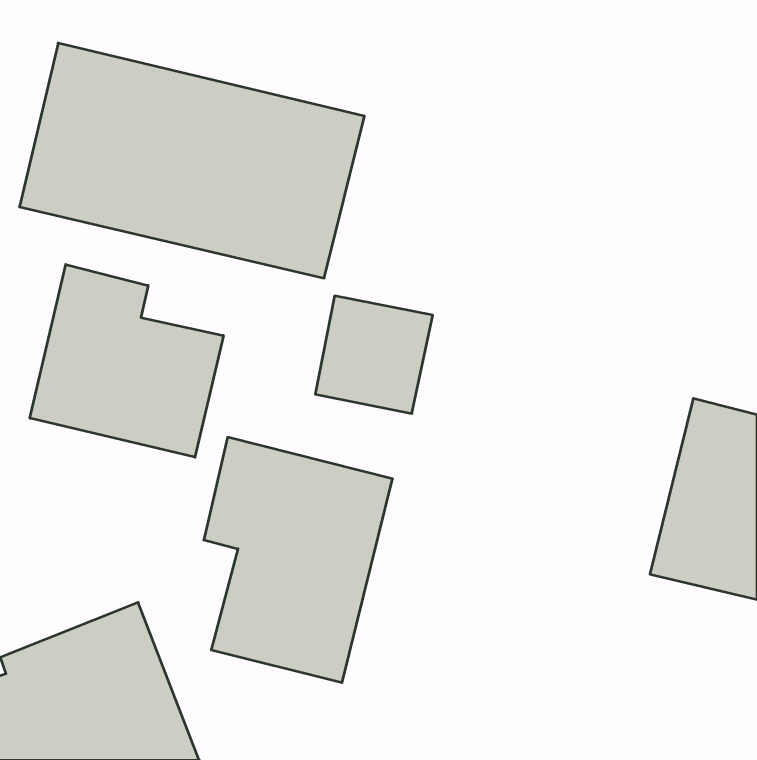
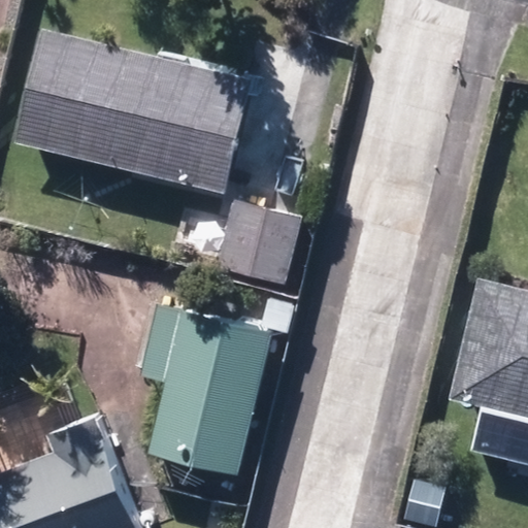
building: [30,264,223,457] -> none

